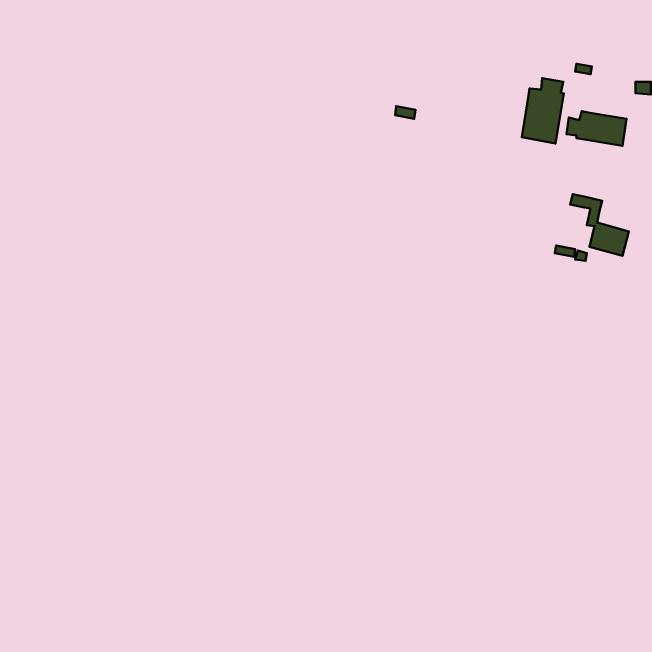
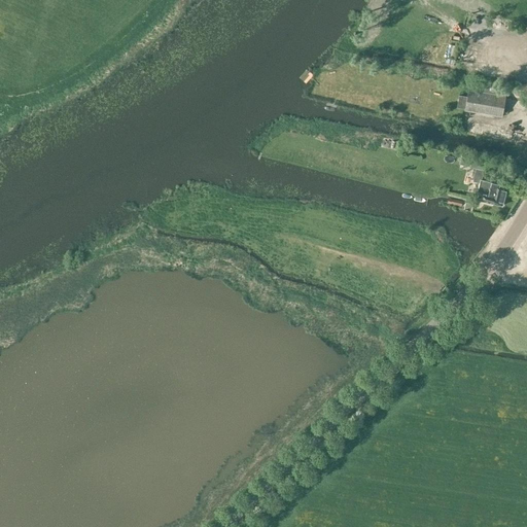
building: [522,78,564,143] -> none

